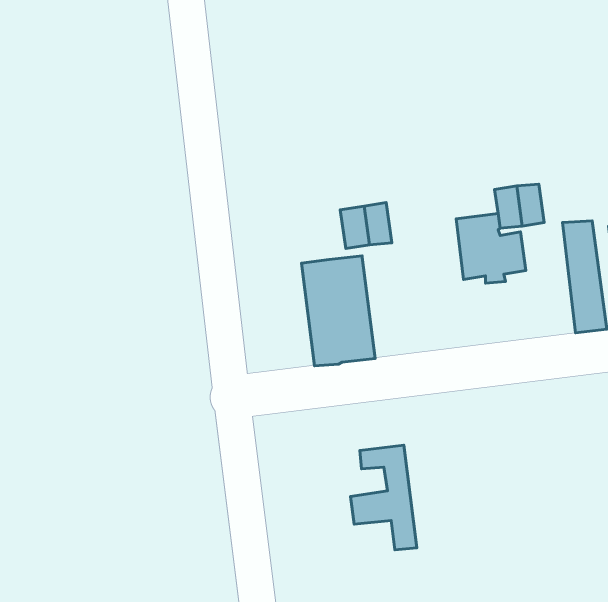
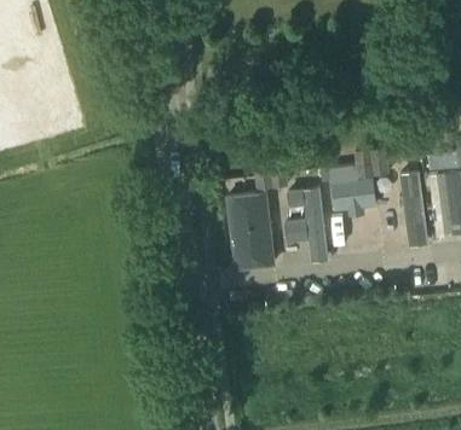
building: [351,445,417,550] -> [283,188,327,257]

